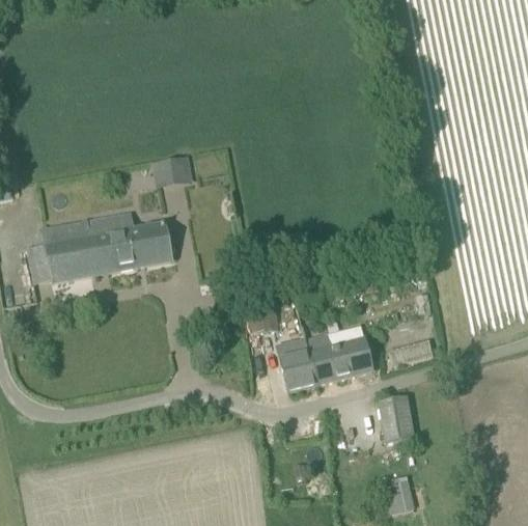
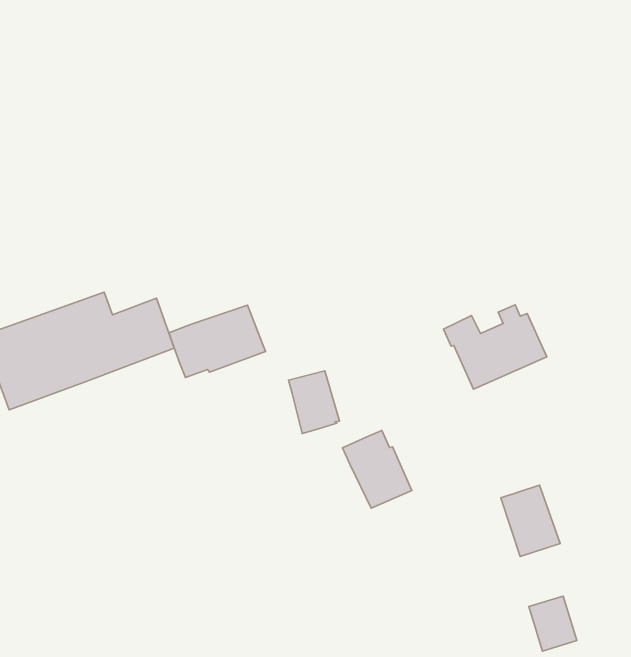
building: [152,156,193,185] -> none
building: none -> [169,305,266,378]
building: [305,332,372,385] -> [444,305,547,389]

